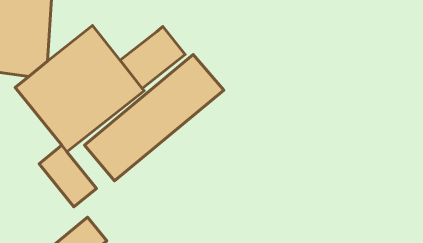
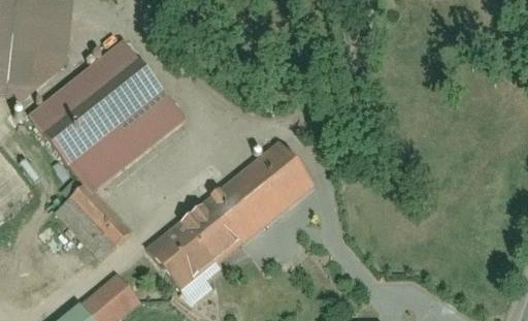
building: [120,26,185,88] -> none
building: [85,54,224,181] -> [148,137,318,291]

